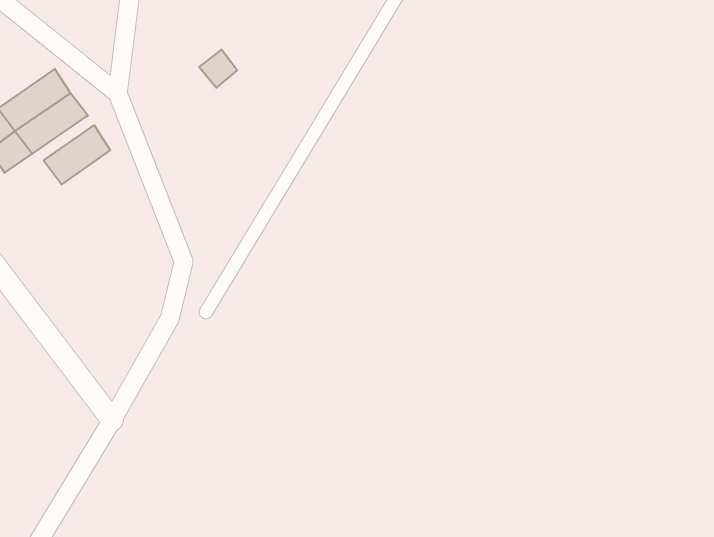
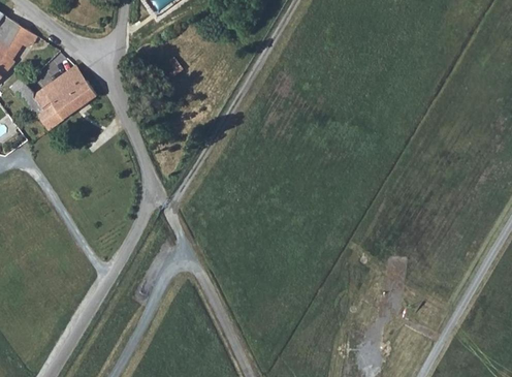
building: [44,125,110,185] -> none

